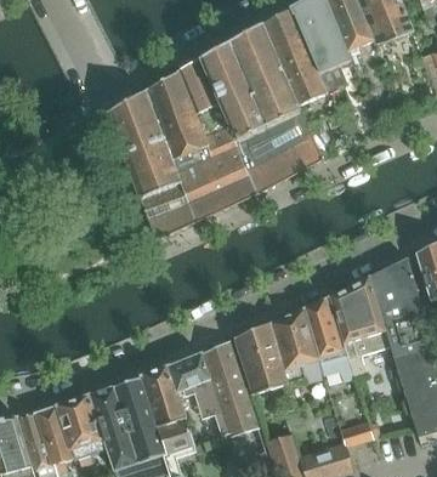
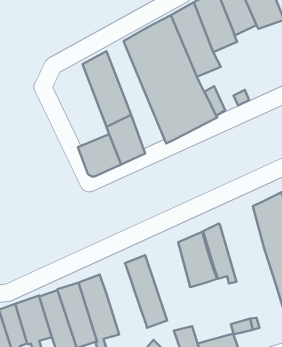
building: [177,59,256,208] -> none
building: [104,90,181,199] -> none
building: [329,277,388,377] -> none
building: [234,324,286,394] -> none
building: [169,354,229,435] -> none

